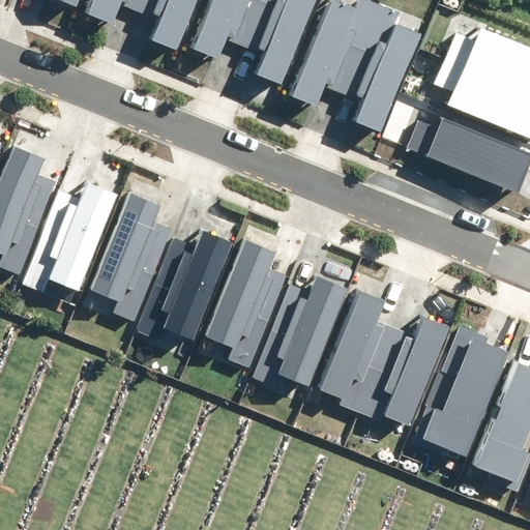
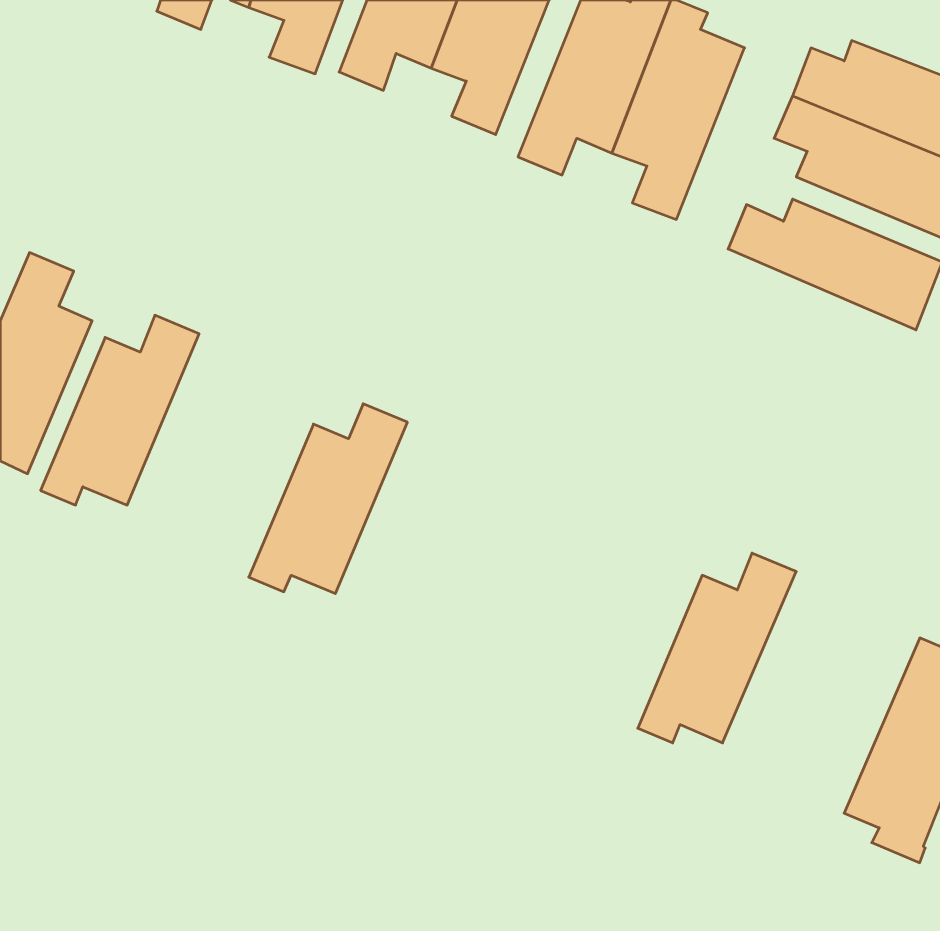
building: [92,194,169,318] -> none
building: [208,239,284,364] -> none
building: [257,277,346,384] -> none
building: [319,291,395,415] -> none
building: [416,346,505,451] -> none

